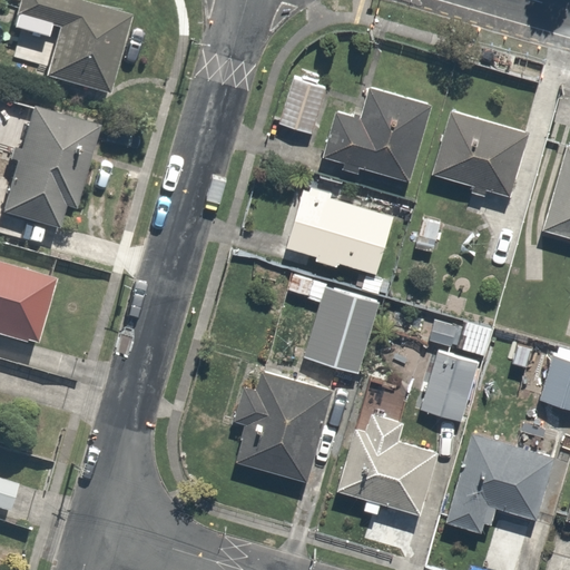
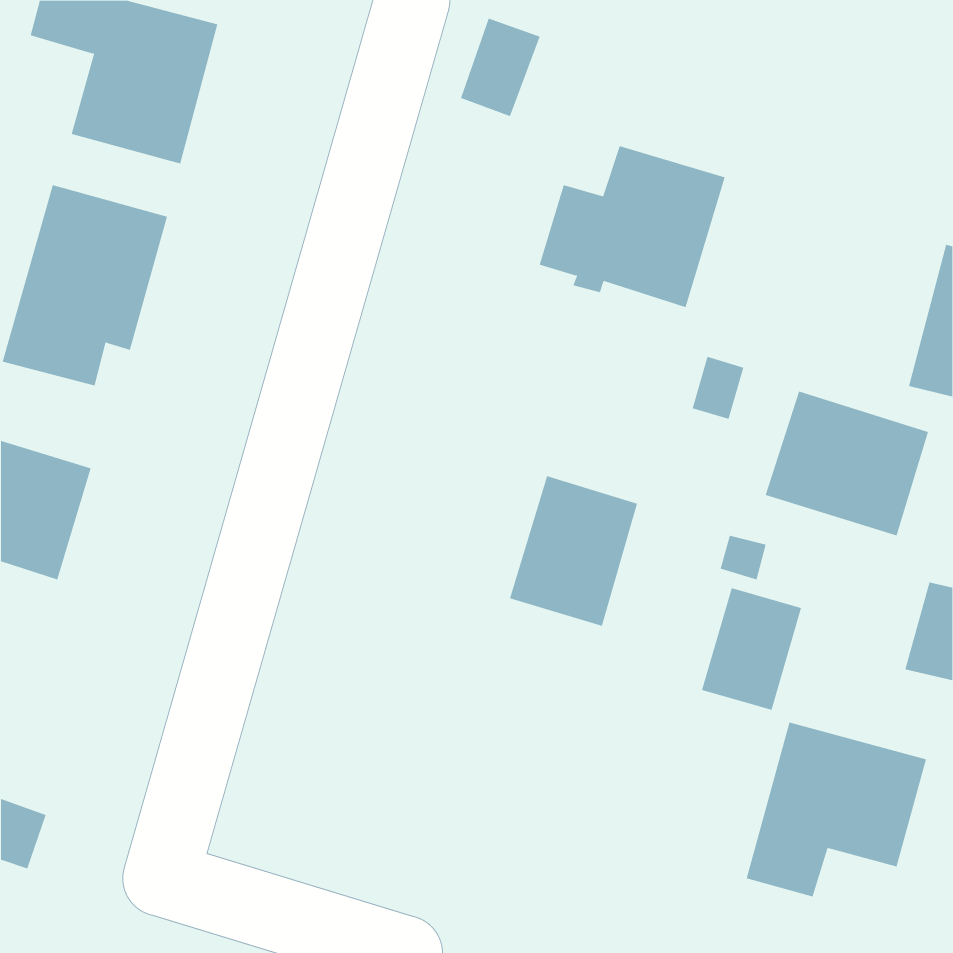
building: [281,77,328,136] -> [460,18,540,117]
building: [432,109,530,196] -> [765,391,929,536]
building: [287,184,400,276] -> none
building: [230,370,332,479] -> none
building: [337,414,439,517] -> none

